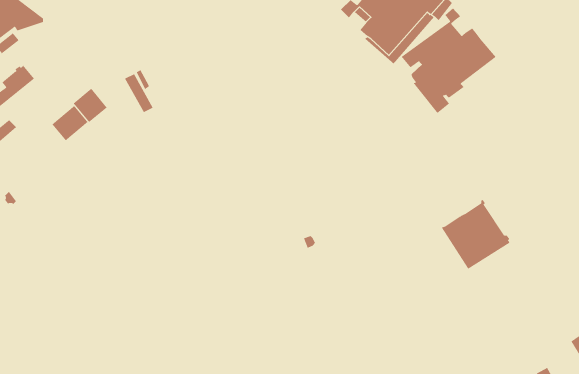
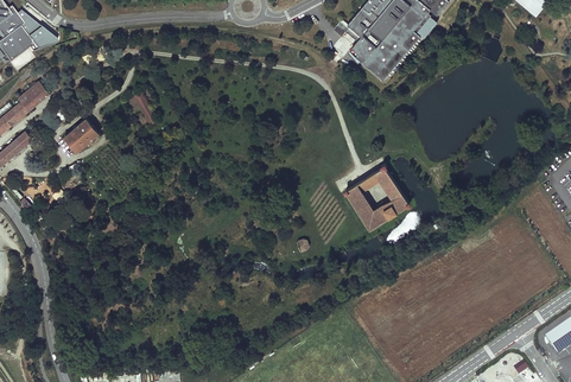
building: [401,7,497,114] -> none
building: [73,88,108,123] -> none
building: [441,199,510,270] -> [344,164,408,229]

